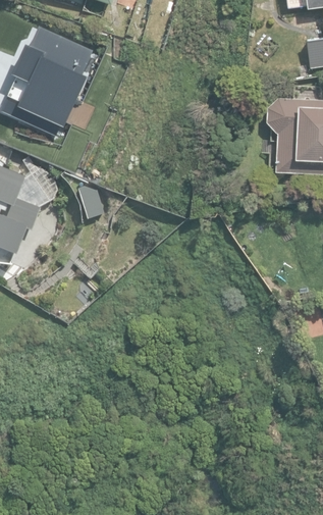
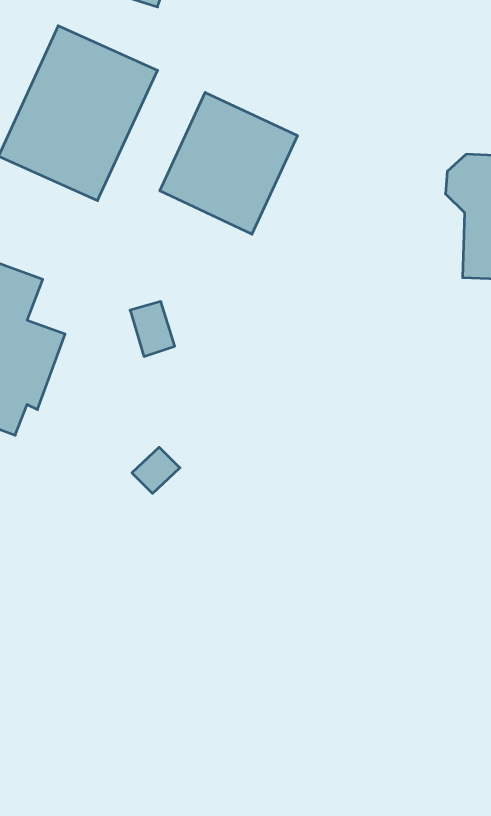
building: none -> [160,92,297,234]

